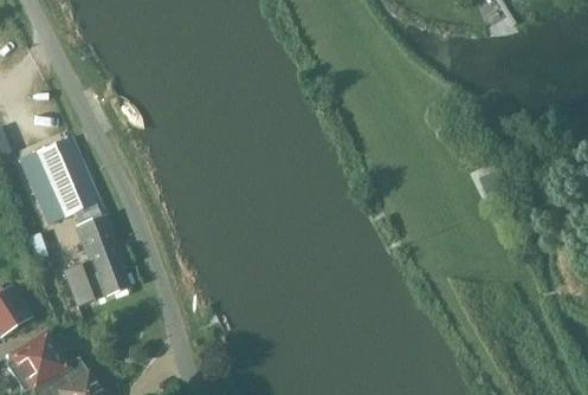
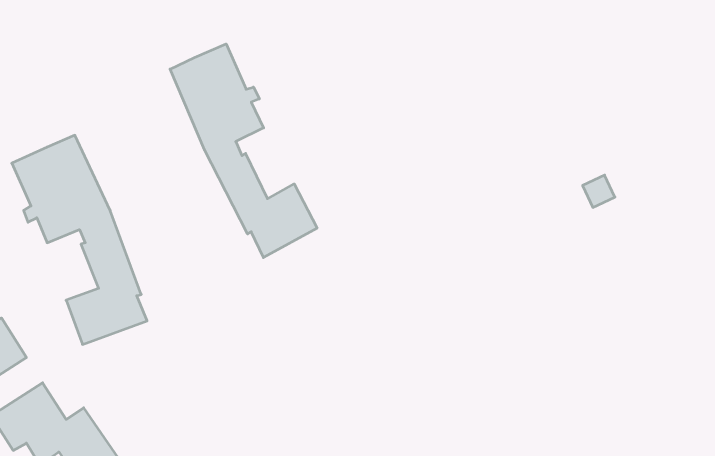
building: none -> [170,44,317,258]

